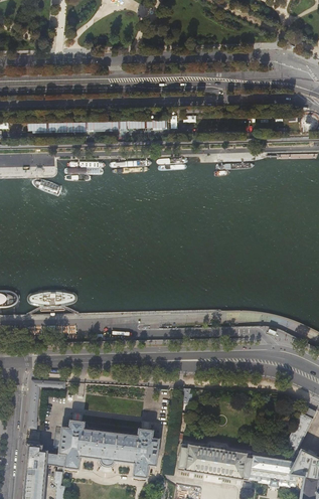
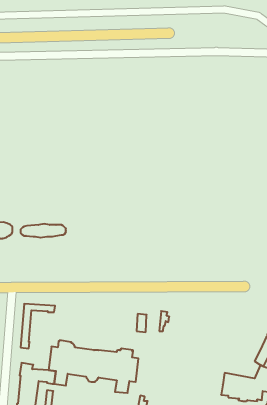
building: [178,443,255,481] -> none

